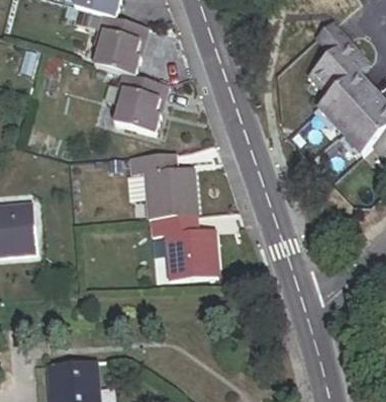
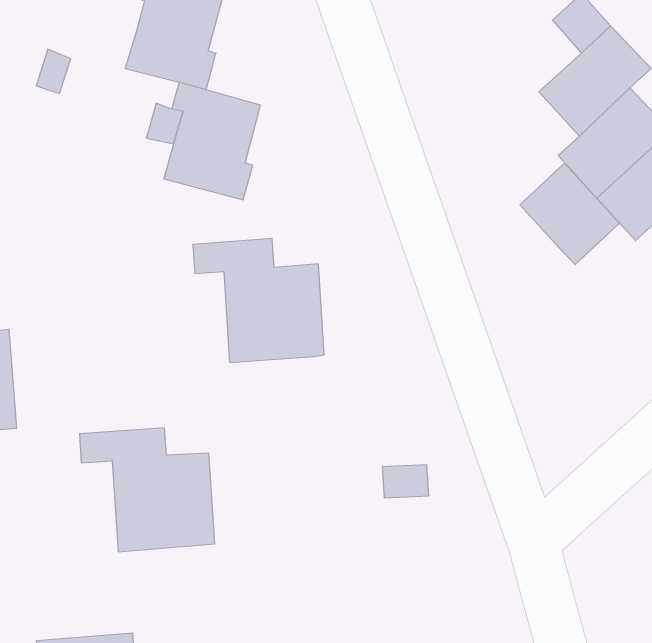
building: none -> [520,163,620,265]
building: [148,216,218,280] -> [79,428,215,552]

